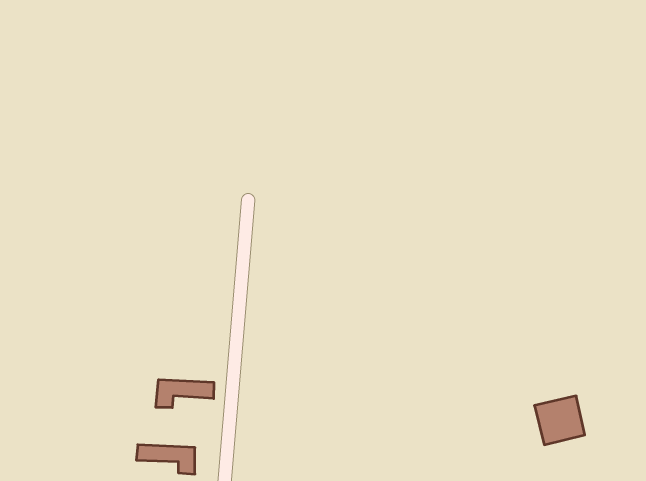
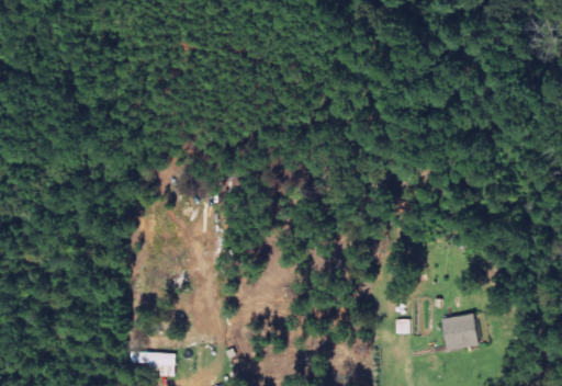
building: [156,380,214,408] -> none

